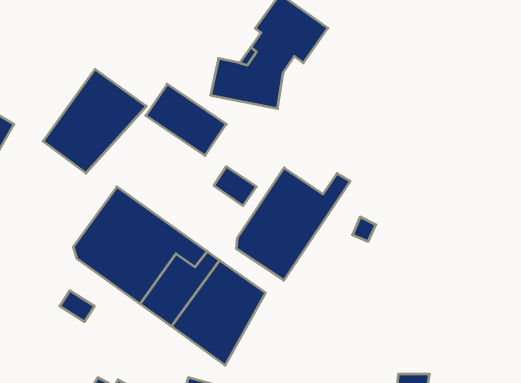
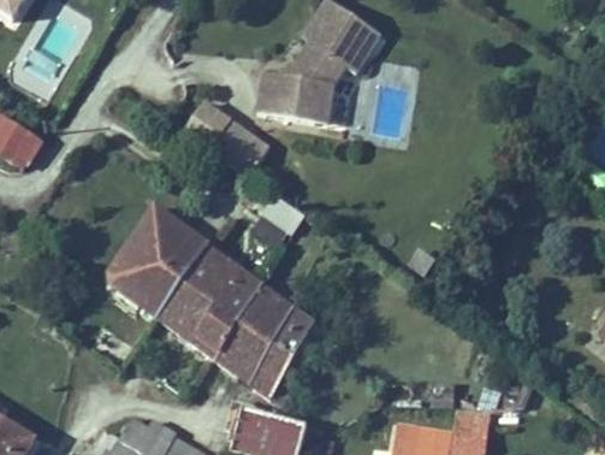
building: [43,69,146,173] -> none
building: [237,168,350,280] -> none

